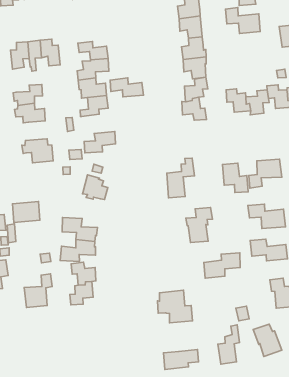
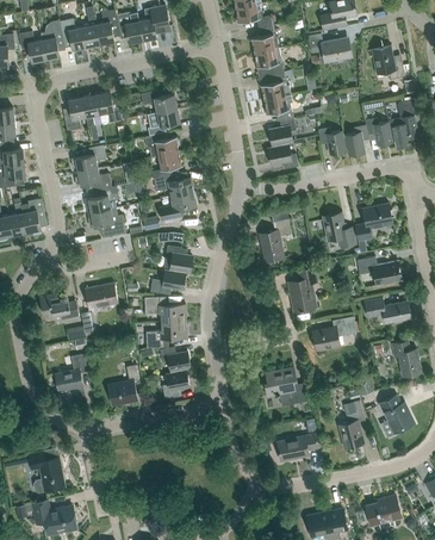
building: [110,78,143,97] -> [153,174,193,197]
building: none -> [83,187,119,213]
building: none -> [149,271,185,294]

